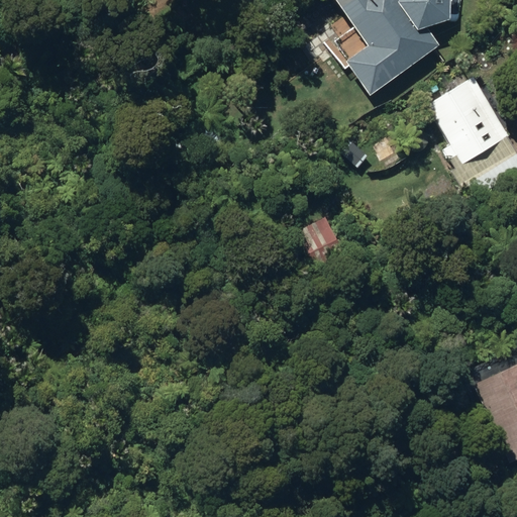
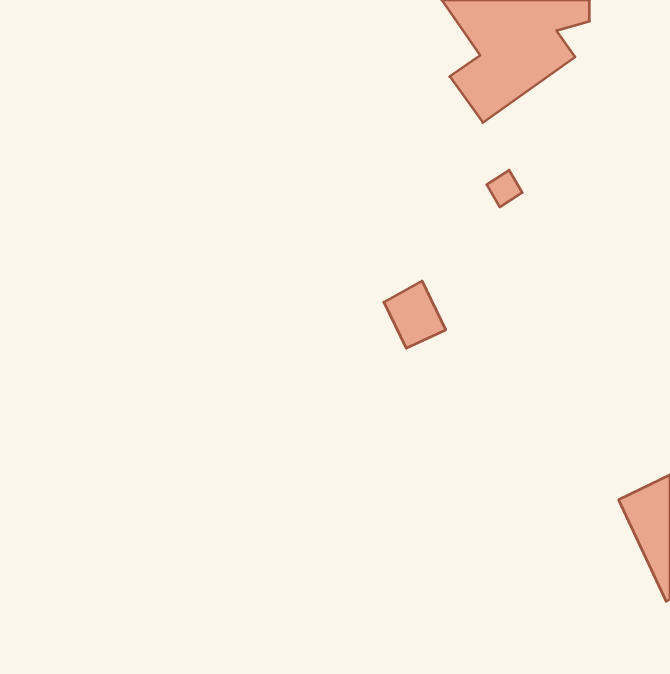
building: [426,75,507,162] -> none

